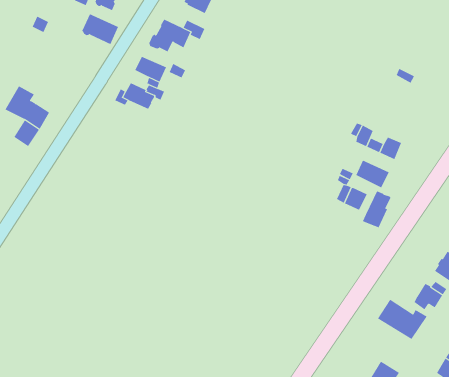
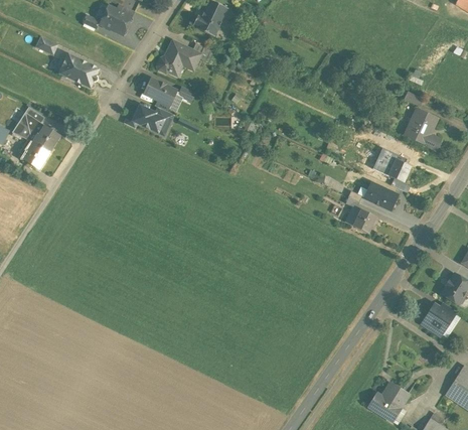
building: [81,14,119,45] -> [60,55,98,87]
building: none -> [405,108,441,149]
building: [362,190,391,228] -> none
building: [377,299,428,340] -> none

